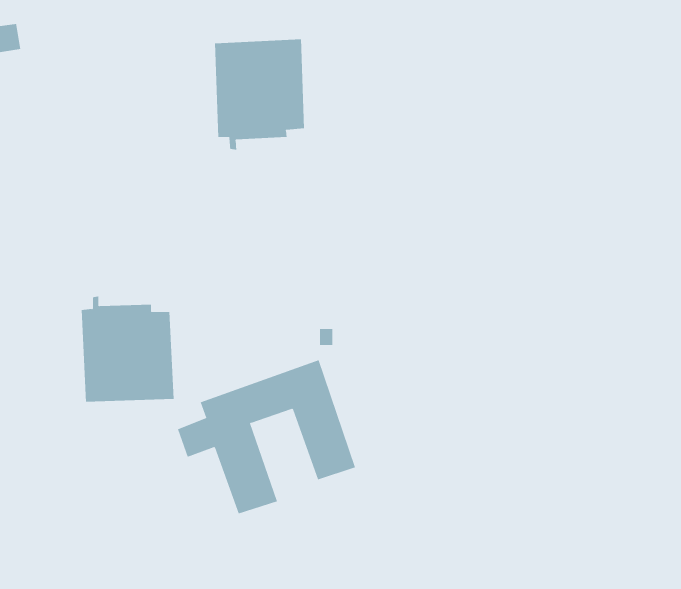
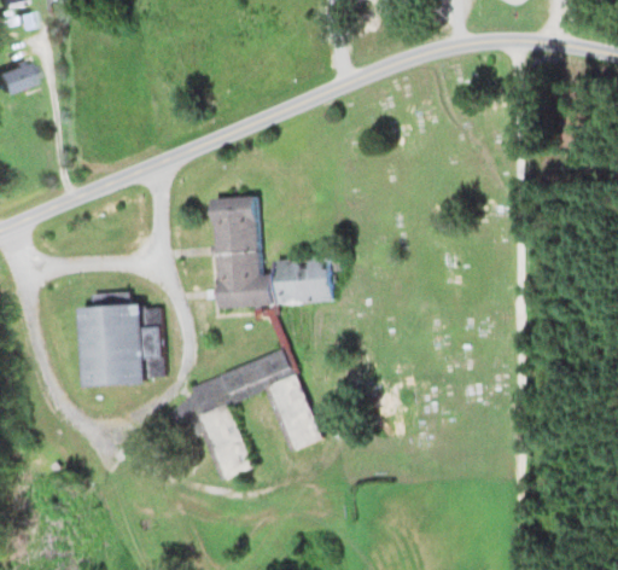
building: [215,39,304,150] -> none
building: none -> [211,197,337,308]

